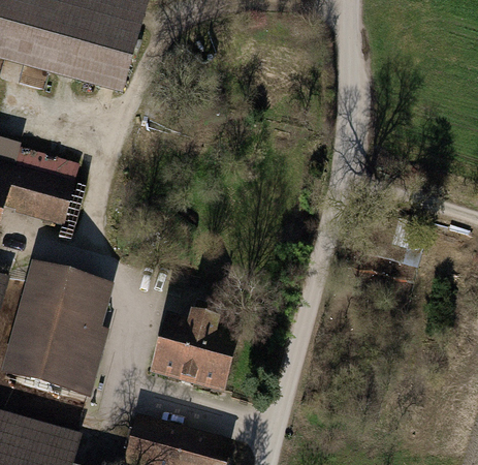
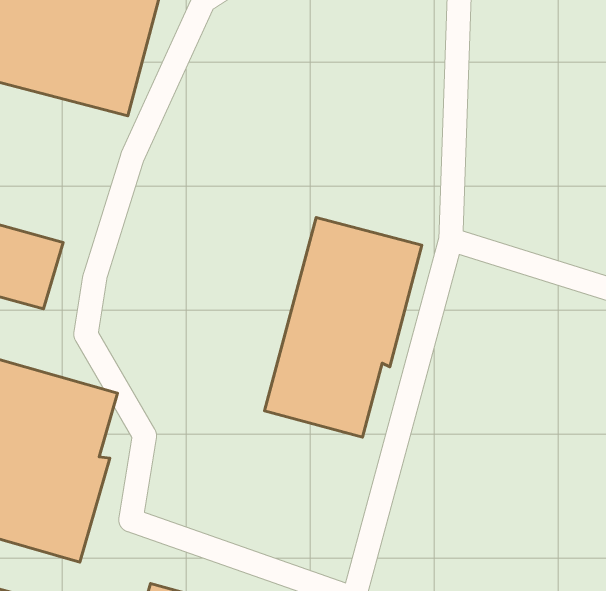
building: none -> [264,218,422,437]
building: [147,301,237,394] -> none

